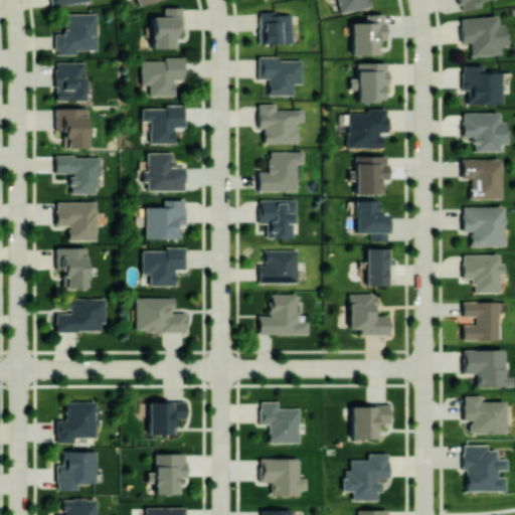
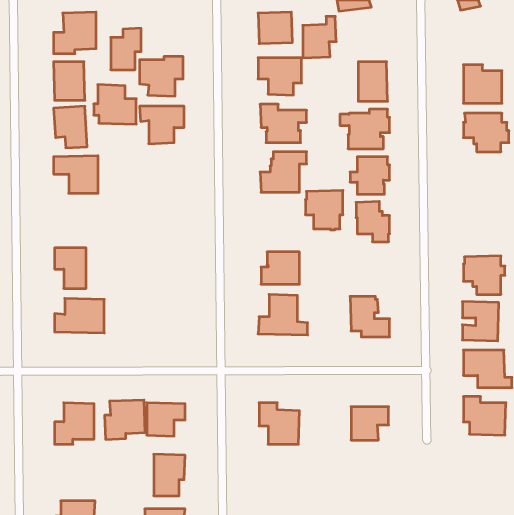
building: [153,8,183,49] -> [111,28,141,70]
building: [353,15,386,56] -> [303,16,336,58]
building: [461,17,506,57] -> none
building: [144,153,186,192] -> [94,85,136,124]
building: [464,161,503,201] -> none
building: [147,200,186,239] -> none
building: [263,201,300,240] -> [305,190,343,230]
building: [56,202,98,241] -> none
building: [464,209,507,248] -> none
building: [143,247,187,287] -> none
building: [368,250,395,288] -> none
building: [137,298,188,333] -> none
building: [463,445,506,493] -> none
building: [57,452,98,491] -> [105,400,145,439]
building: [344,454,389,501] -> none
building: [262,459,307,495] -> none

